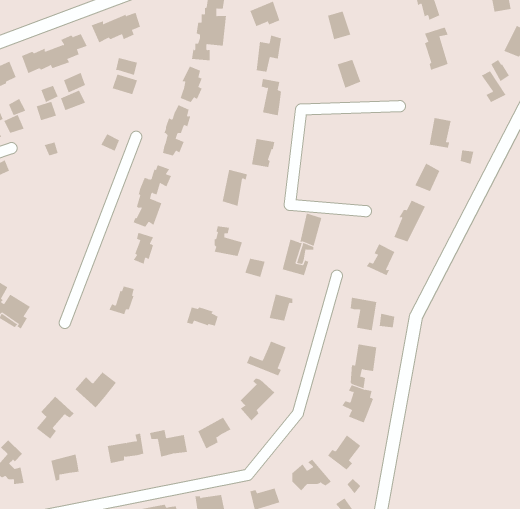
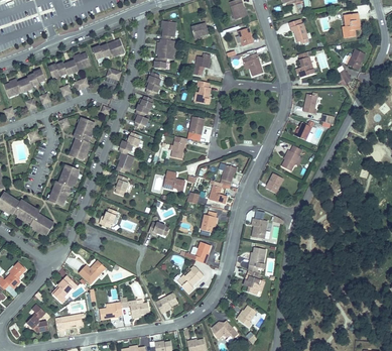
building: none -> [71,117,95,158]
building: none -> [49,163,80,203]

